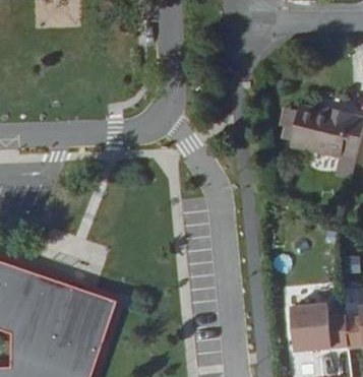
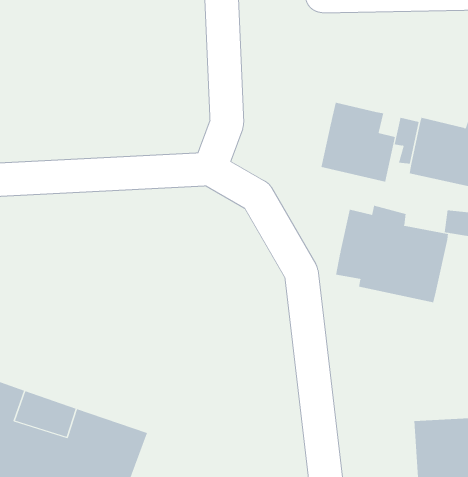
building: none -> [321,102,395,182]
building: none -> [336,205,449,303]

